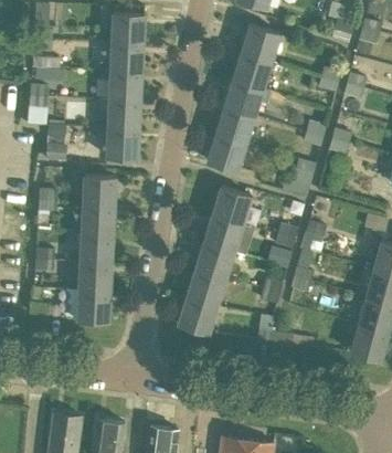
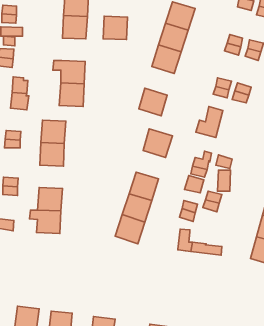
building: [109,71,140,101] -> [103,16,127,40]
building: [215,107,253,144] -> none
building: [204,214,242,251] -> none
building: [81,233,112,263] -> none

